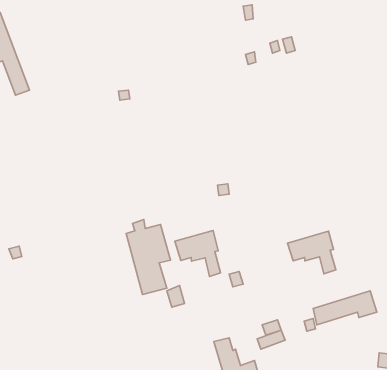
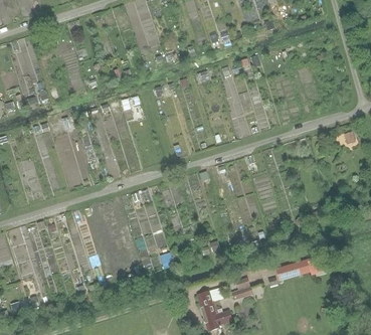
building: [175,231,221,276] -> none
building: [287,231,336,274] -> none

